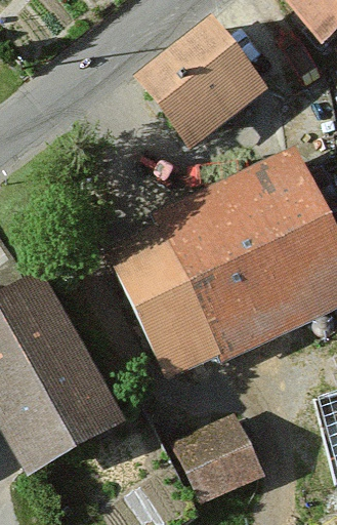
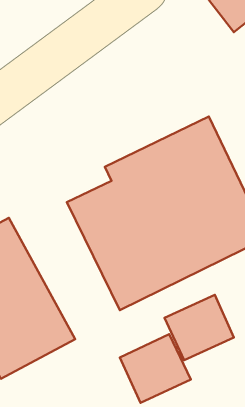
building: [127,13,273,157] -> none
building: none -> [165,295,234,360]

